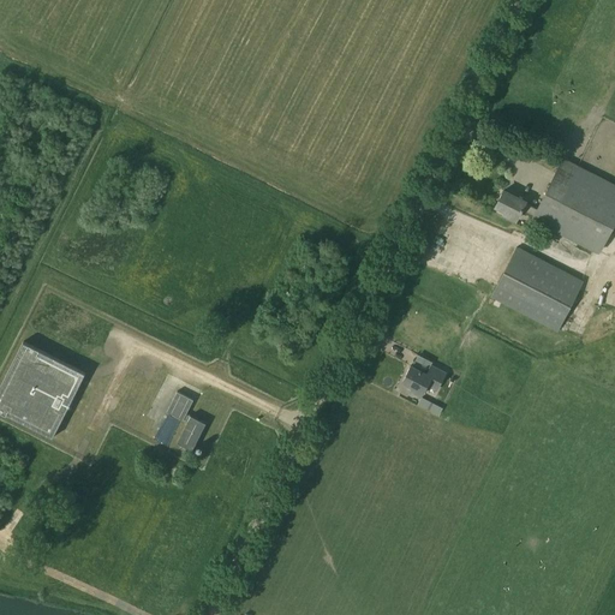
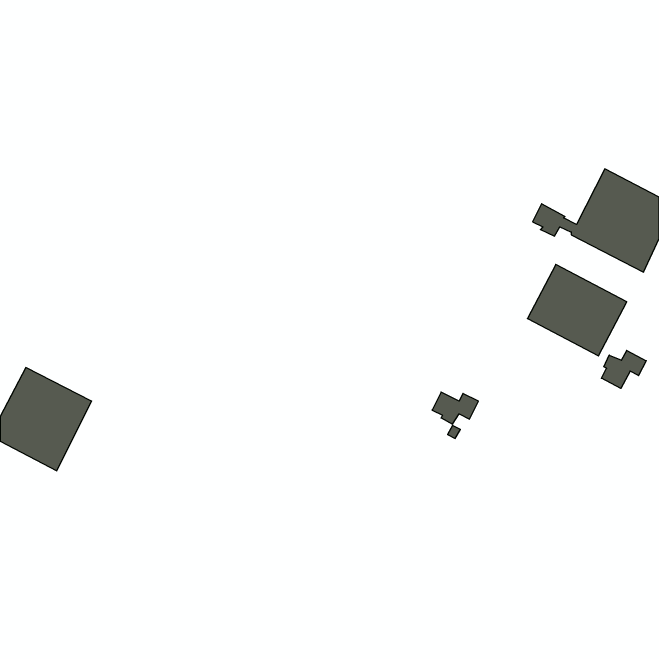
building: none -> [601,350,646,388]
building: [167,392,207,450] -> none

